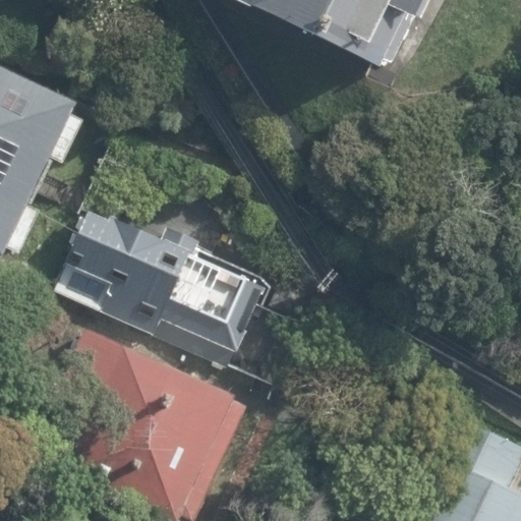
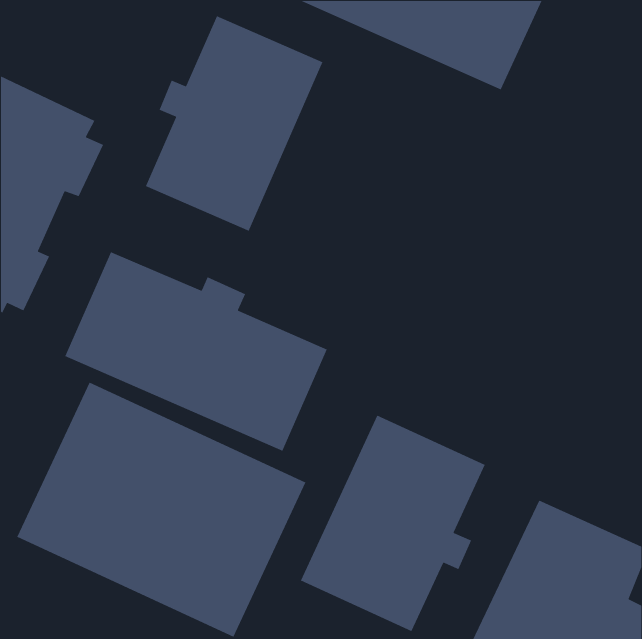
building: none -> [145,15,324,232]
building: none -> [300,414,486,632]

